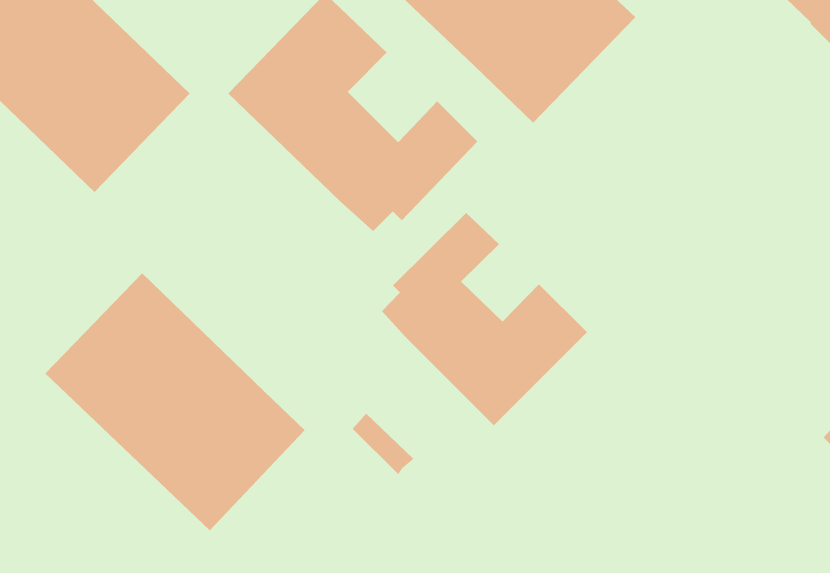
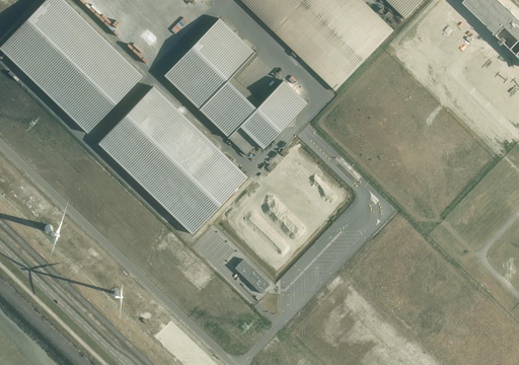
building: [381,212,588,426] -> none
building: [45,272,306,531] -> [97,85,246,233]

